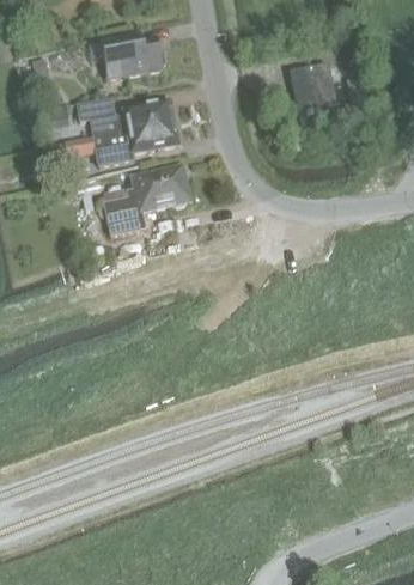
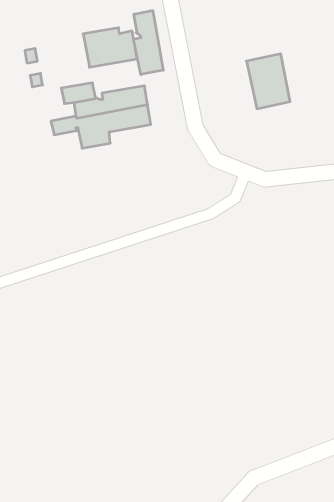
building: none -> [134,11,163,75]
building: [103,165,190,236] -> none

